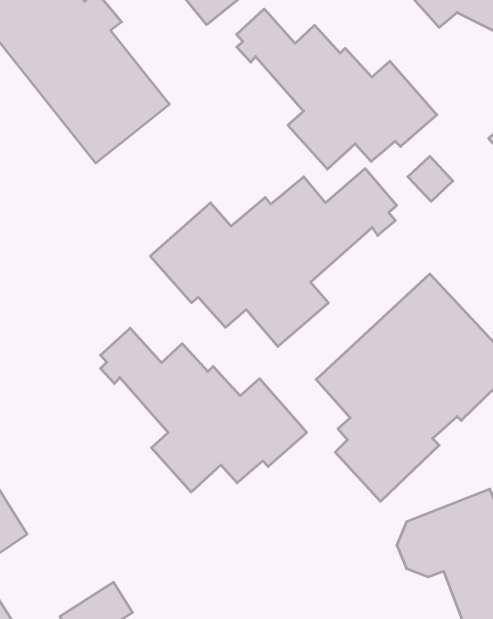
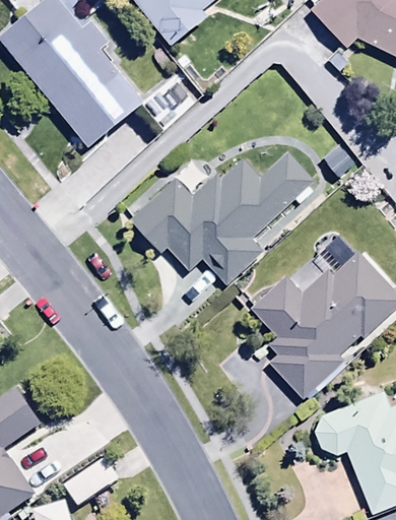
building: [236,9,437,169] -> none
building: [100,328,307,492] -> none

